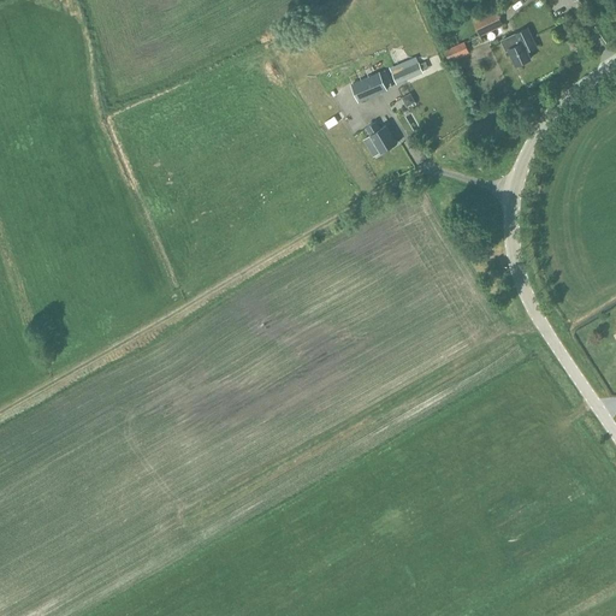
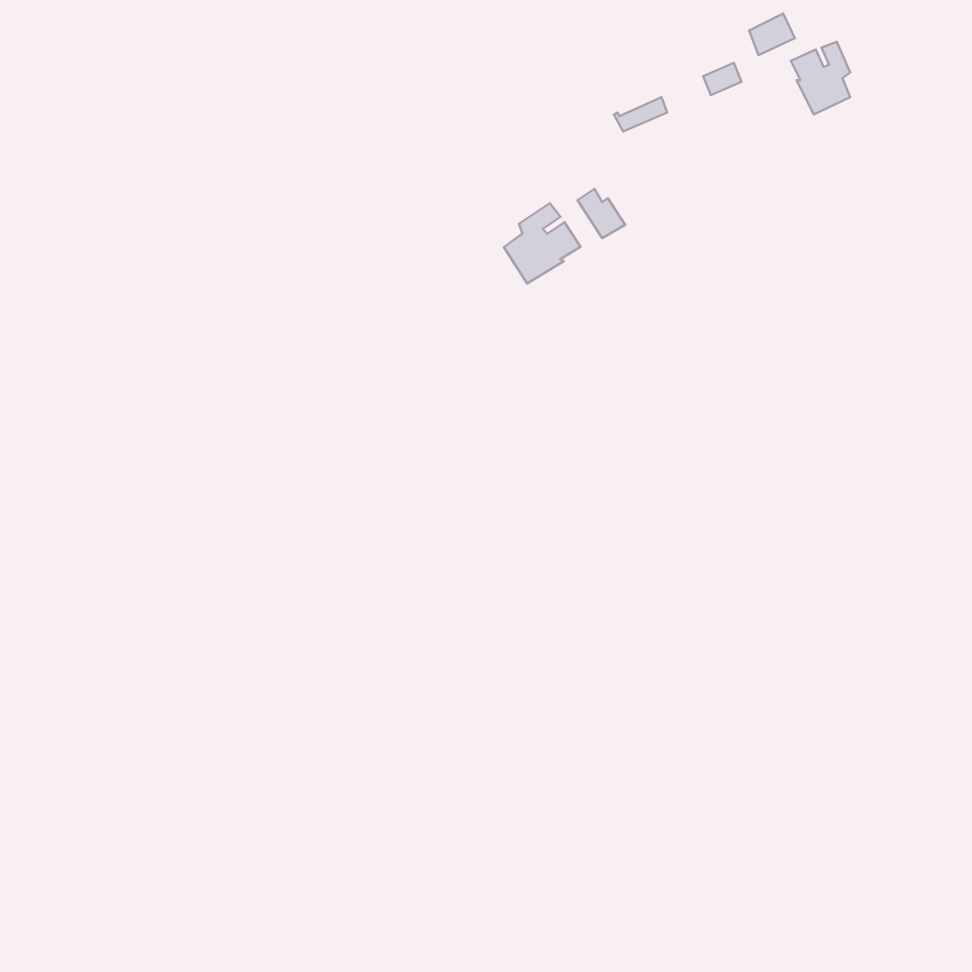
building: [349,71,386,101] -> none
building: none -> [504,203,581,284]

